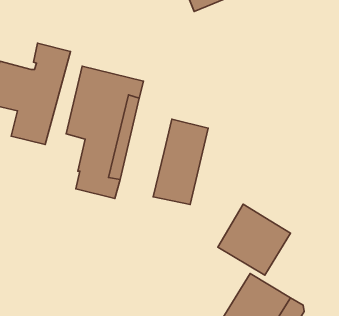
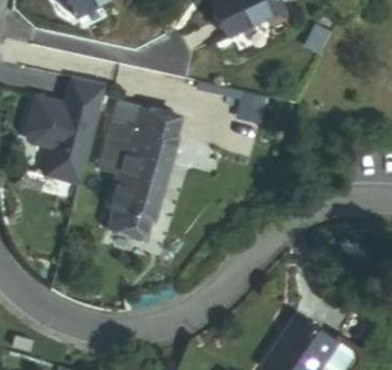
building: [153,119,208,205] -> none
building: [218,204,290,275] -> none

